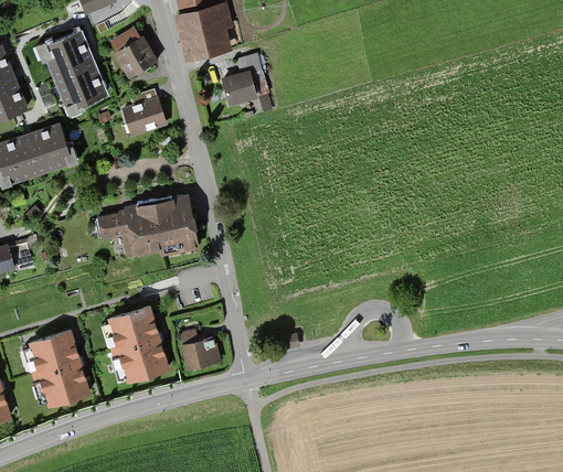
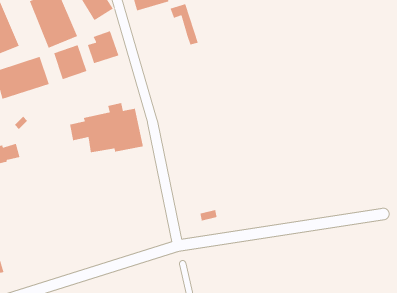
building: [221,71,257,105] -> none
building: none -> [53,44,87,80]
building: [100,305,168,382] -> none
building: [176,329,220,371] -> none
building: [22,331,88,406] -> none

